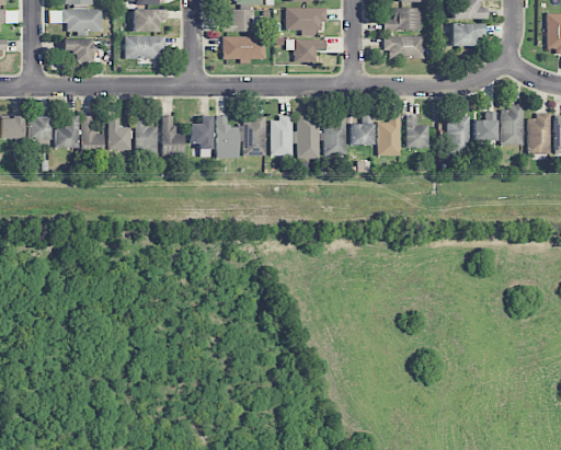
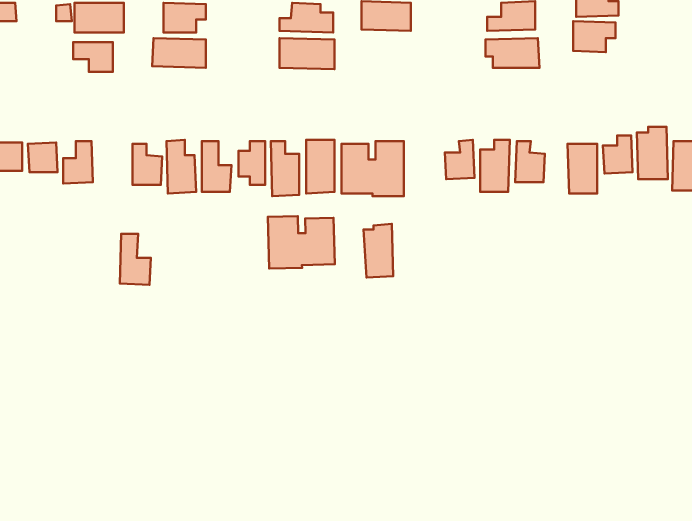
building: [286,38,325,61] -> none
building: [323,114,346,155] -> [364,224,393,278]
building: [80,115,104,154] -> [120,234,151,285]
building: none -> [268,216,335,269]

